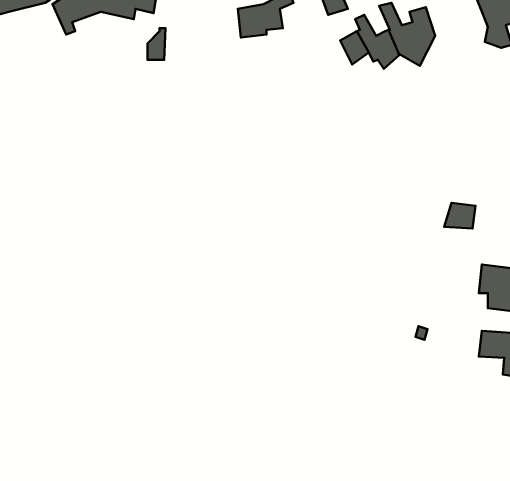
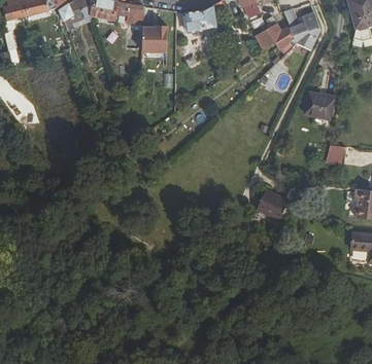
building: none -> [142,26,166,52]
building: none -> [304,90,335,118]
building: none -> [257,189,290,219]

